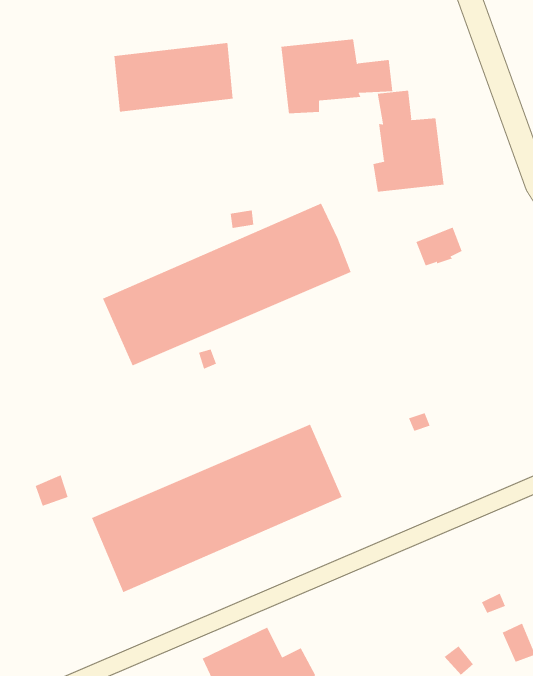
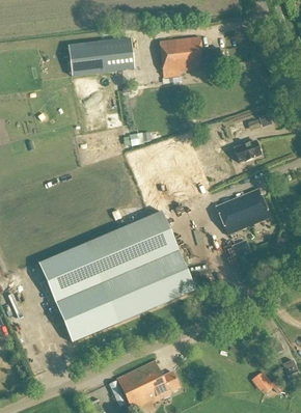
building: [373,90,444,193] -> none
building: [102,203,352,366] -> [38,210,176,300]
building: none -> [216,188,269,232]

